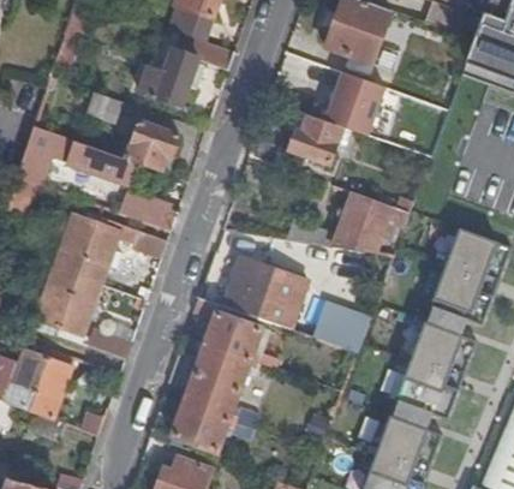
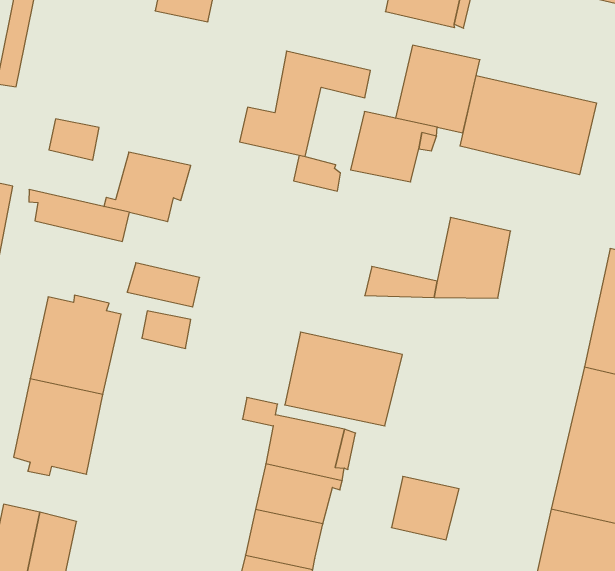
building: [138,31,233,105] -> [240,51,370,157]
building: none -> [460,75,596,175]
building: [321,306,370,353] -> [391,476,459,540]

